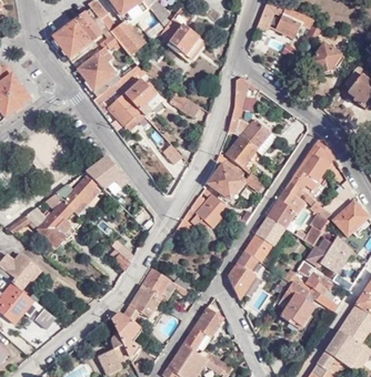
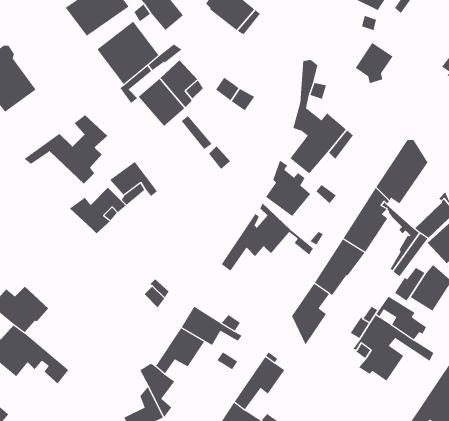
building: [310,43,340,75] -> [355,42,393,84]
building: [8,193,73,247] -> [24,114,108,185]

